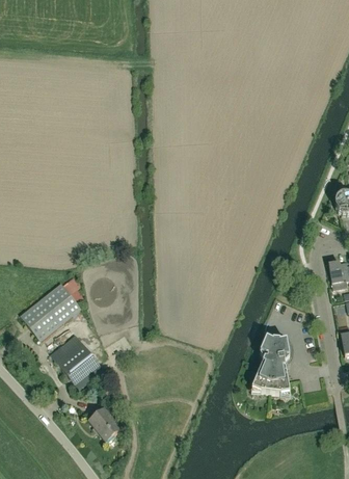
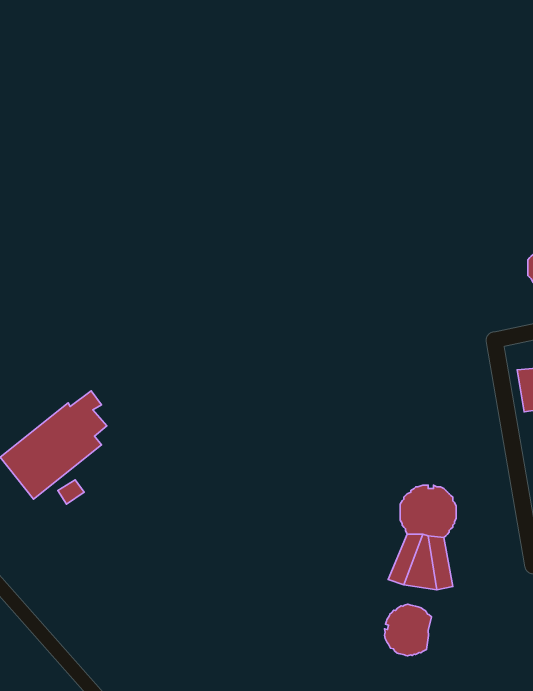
building: [52,334,104,387] -> none
building: none -> [384,604,431,656]
building: [90,407,122,441] -> none

